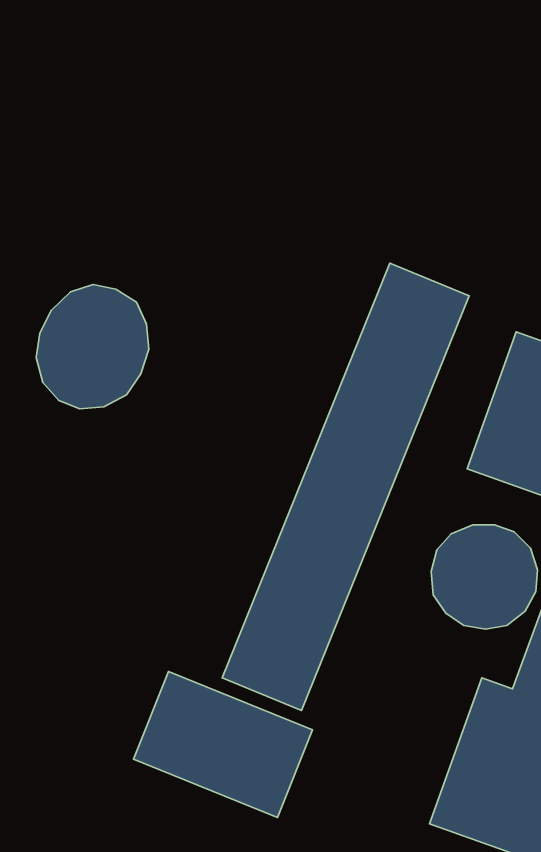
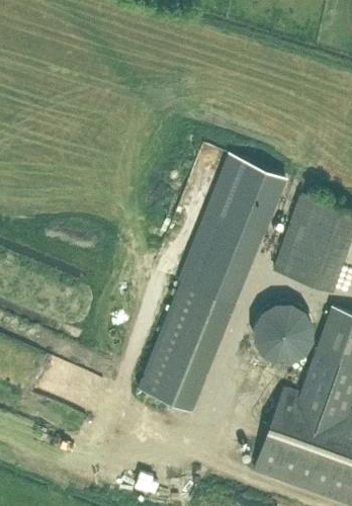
building: [36,285,149,409] -> none
building: [133,672,313,817] -> none

